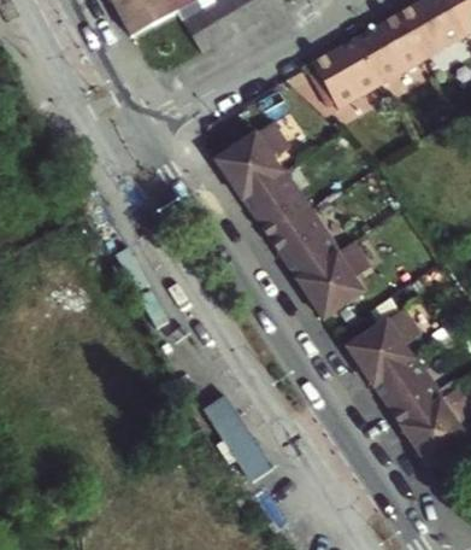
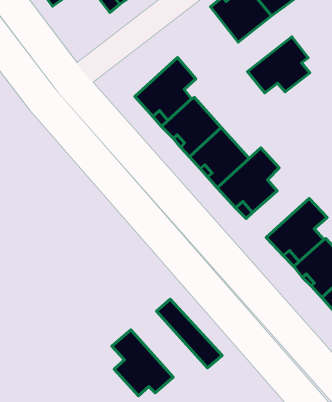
building: none -> [248,37,310,93]
building: none -> [112,330,173,396]

